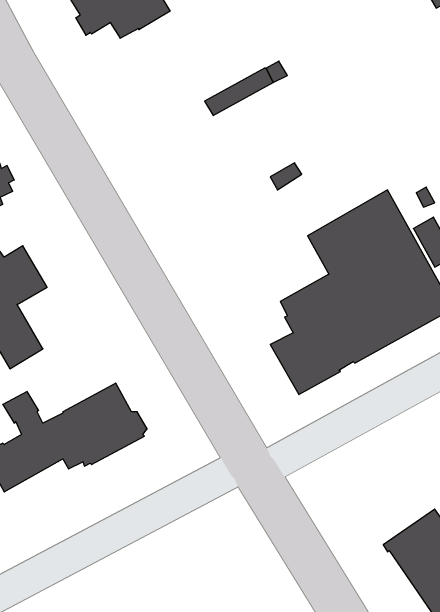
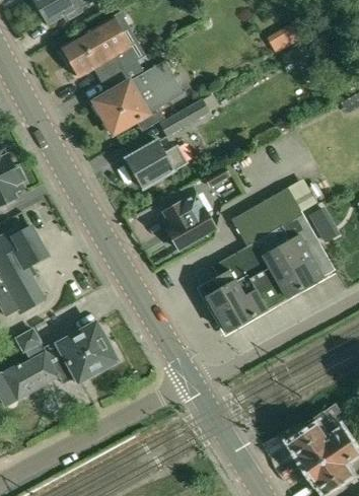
building: none -> [93,60,183,135]
building: none -> [124,140,187,190]
building: none -> [161,194,215,251]

